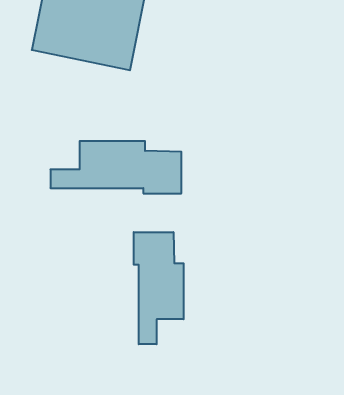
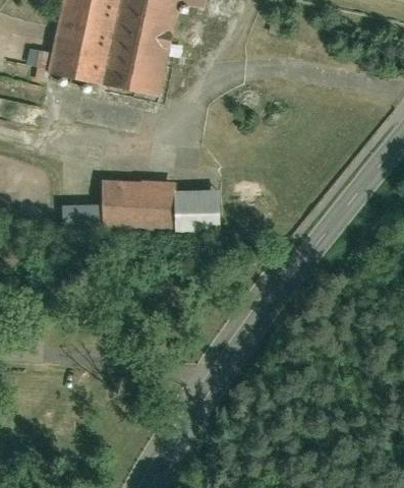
building: [134,232,184,344] -> none

